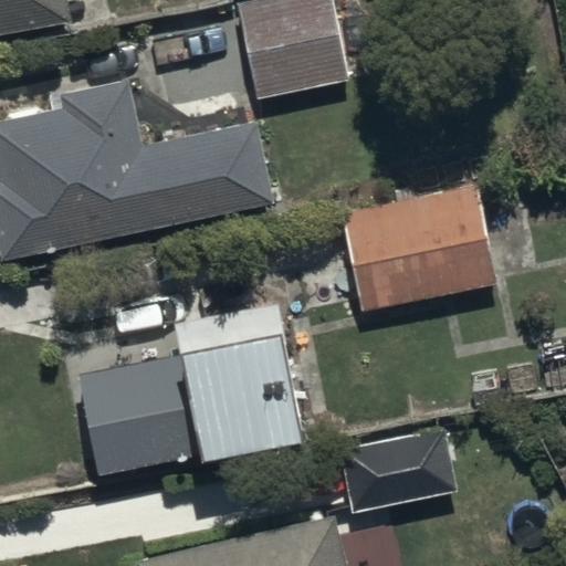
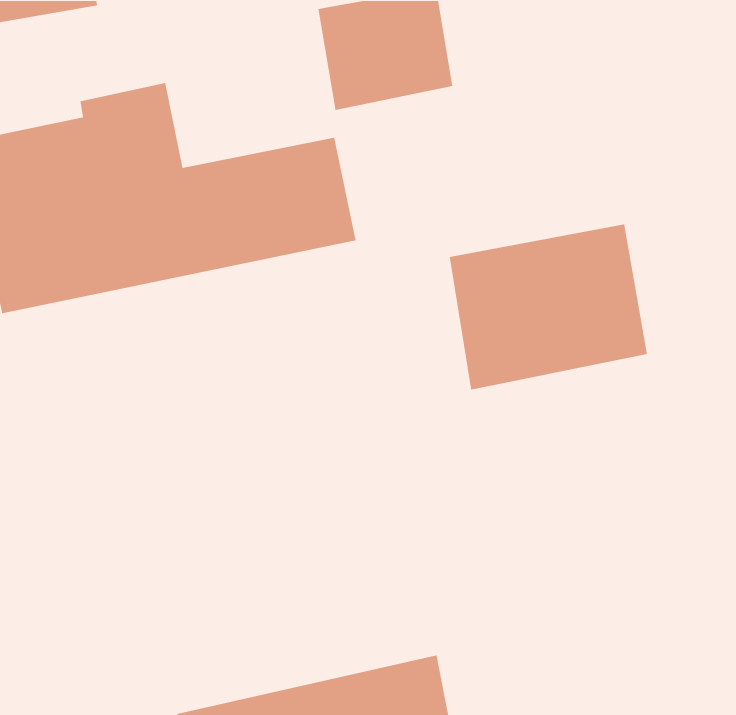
building: [74,313,301,472] -> none
building: [338,430,454,514] -> none

